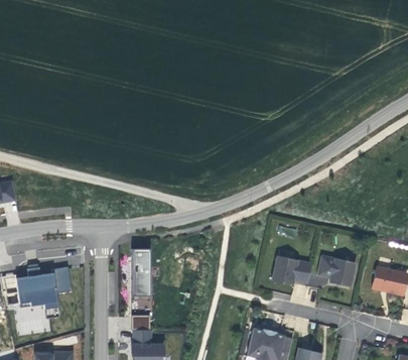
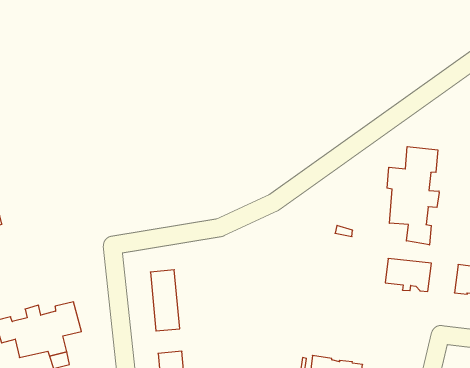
building: none -> [387,147,439,245]
building: [272,256,312,283] -> none

